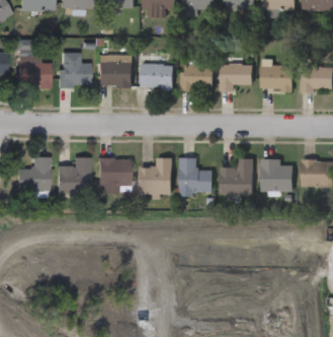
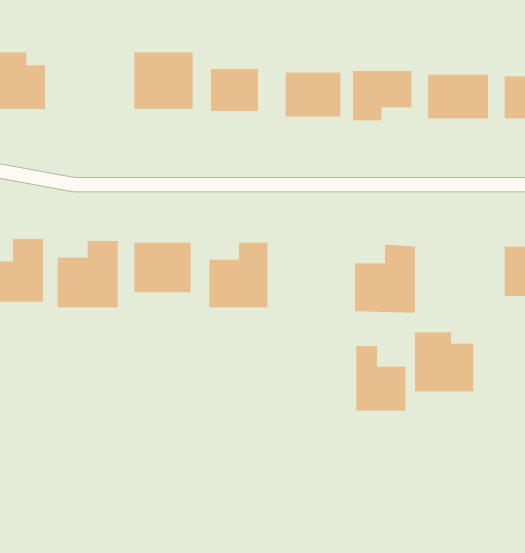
building: [62,52,92,86] -> none
building: [180,158,207,194] -> [356,346,406,411]
building: [260,159,293,192] -> [414,332,474,392]

